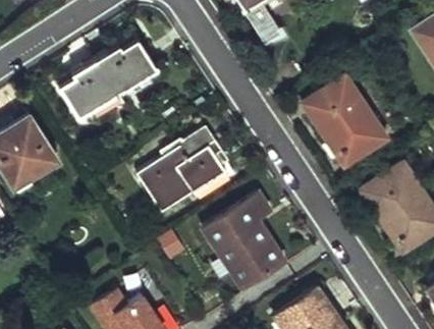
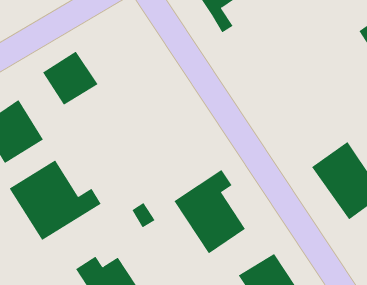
building: [95,34,159,97] -> none
building: [303,77,385,167] -> none
building: [138,131,227,212] -> none
building: none -> [9,159,101,241]

